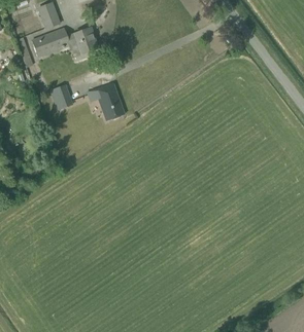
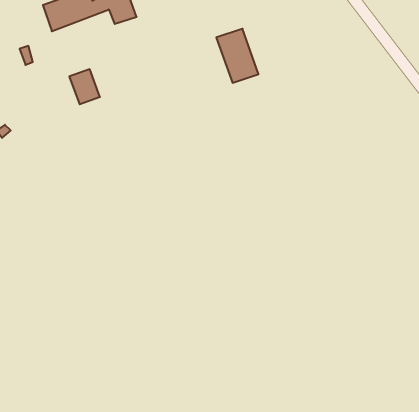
building: [94,82,124,120] -> [216,29,259,83]

